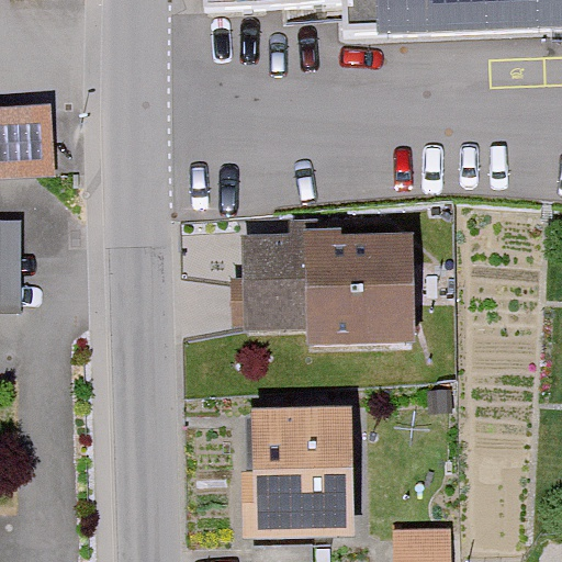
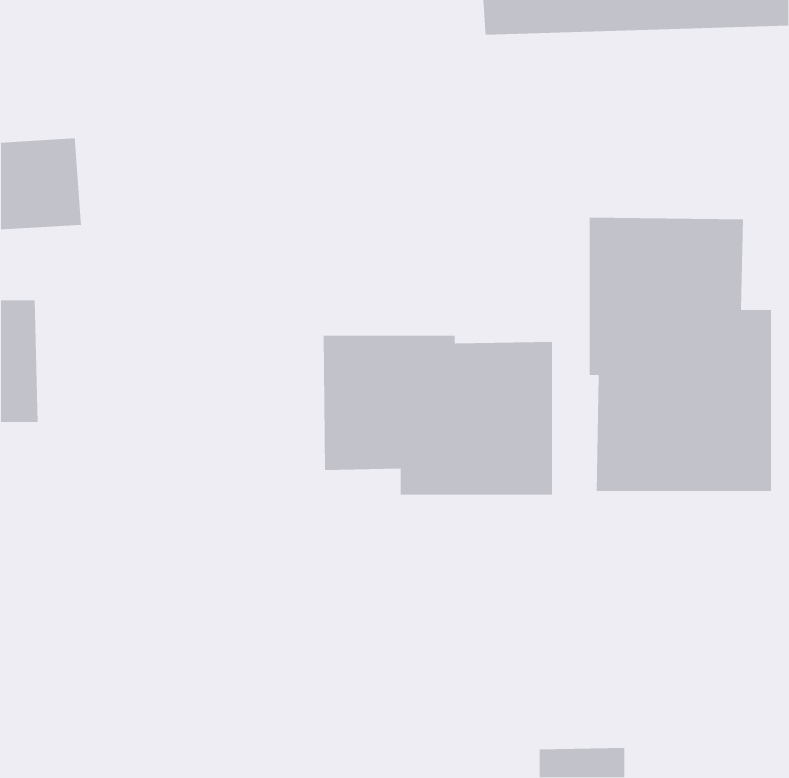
building: none -> [589,217,772,492]
building: [244,397,351,531] -> none

